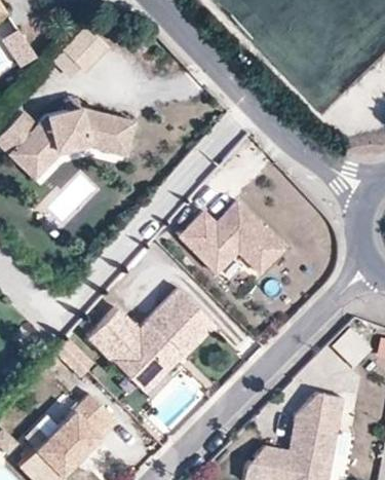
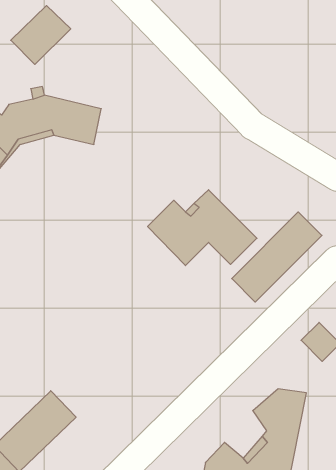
building: none -> [232,212,322,302]
building: [90,292,214,387] -> none

